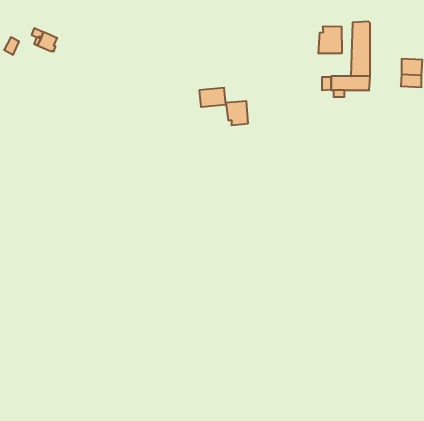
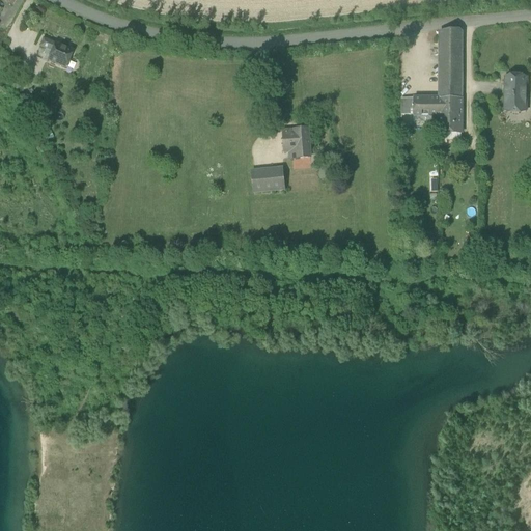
building: [318,26,342,53] -> none
building: [199,88,226,107] -> [252,166,285,190]
building: none -> [439,113,462,131]

